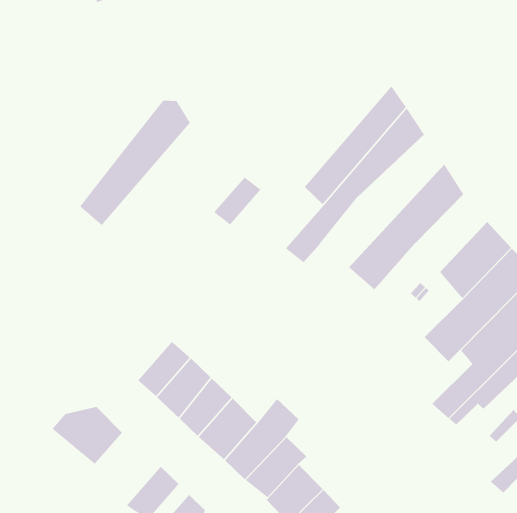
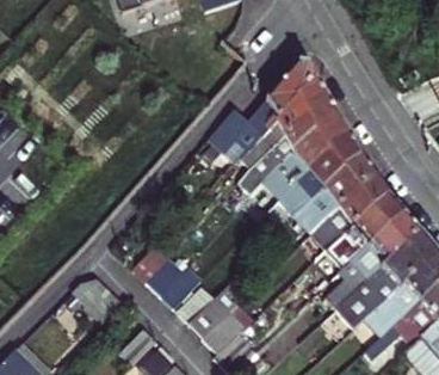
building: [79,100,191,226] -> [239,63,317,146]
building: none -> [262,115,350,201]
building: none -> [327,156,376,208]

